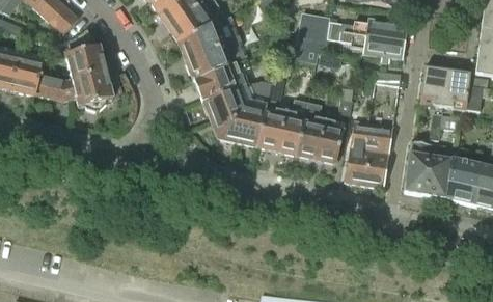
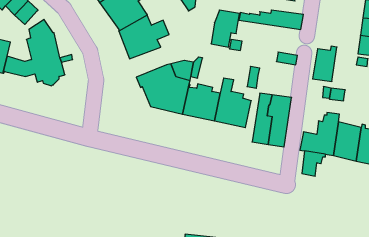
building: [327,31,405,62] -> none
building: [193,59,250,102] -> none
building: [443,64,471,109] -> none
building: [408,141,437,172] -> [302,151,325,176]

